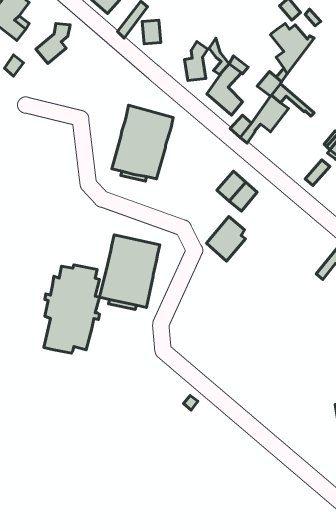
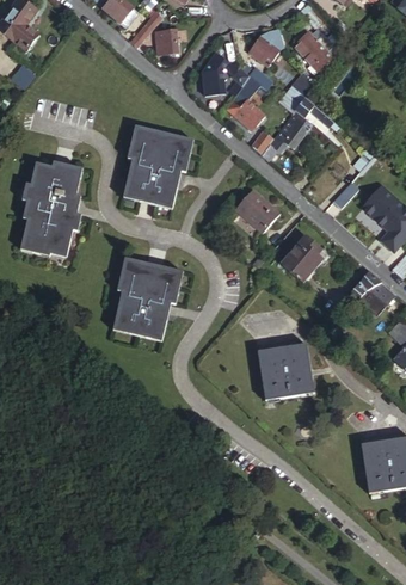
building: none -> [247,29,283,68]
building: [36,24,70,64] -> none
building: [206,216,245,261] -> [279,236,321,284]
building: [44,265,100,353] -> [18,165,78,259]
building: none -> [258,341,315,402]

